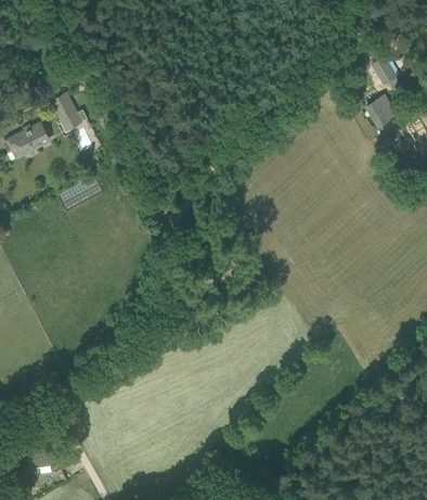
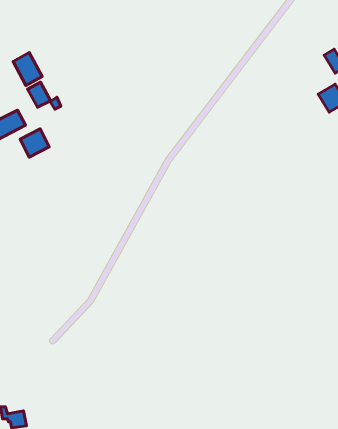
building: none -> [13,52,42,86]
building: none -> [20,129,49,157]

